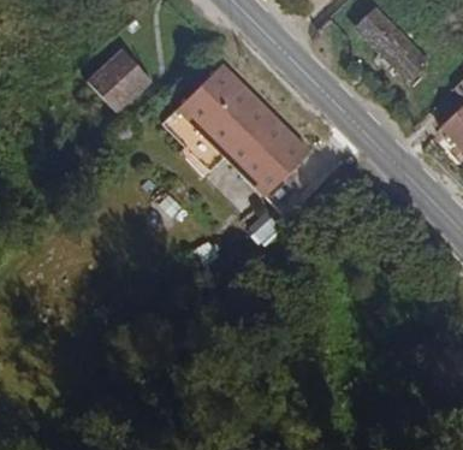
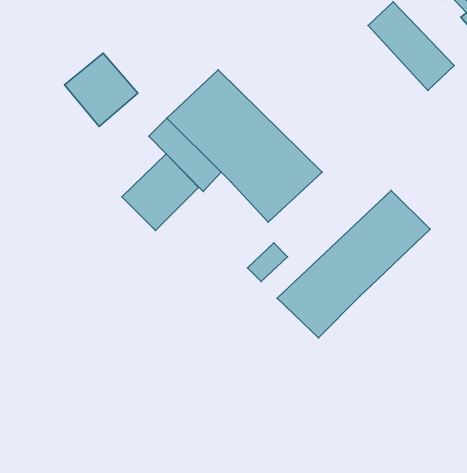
building: none -> [122,154,198,231]
building: none -> [277,191,430,338]

